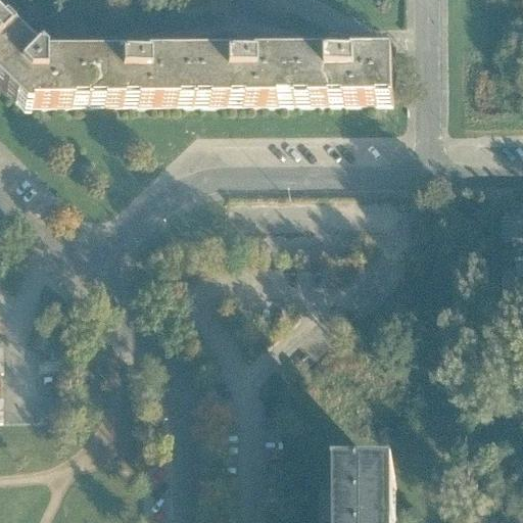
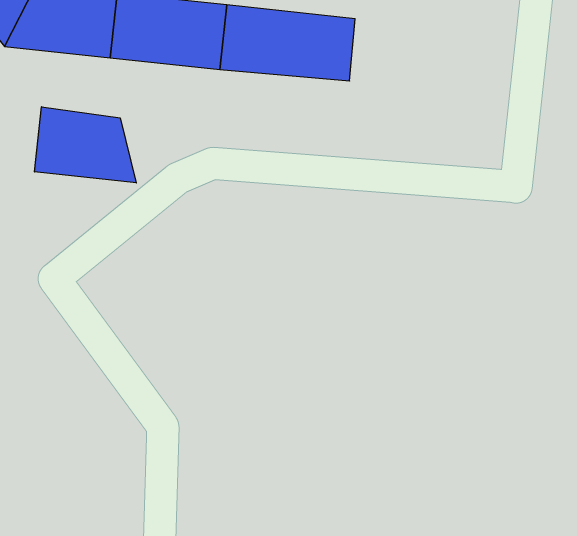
building: [287,48,388,96] -> none
building: none -> [35,107,136,183]

